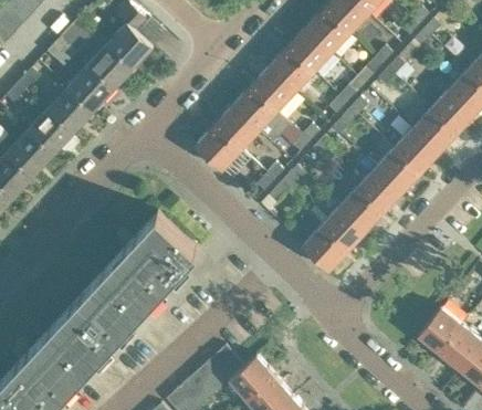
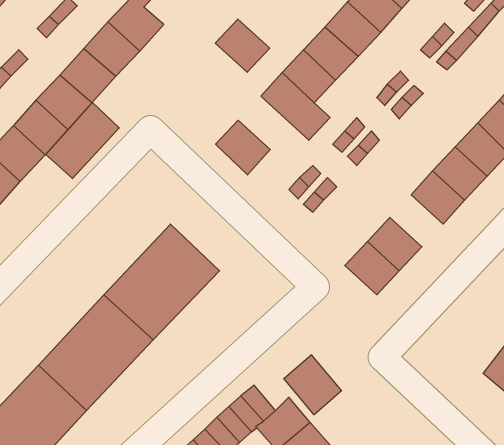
building: [213,107,259,151] -> [215,19,270,72]
building: none -> [46,102,119,179]
building: [339,189,384,232] -> none
building: none -> [284,355,341,415]

